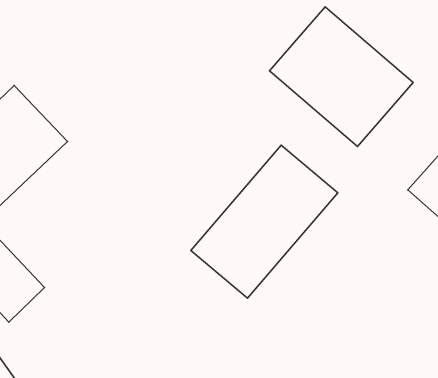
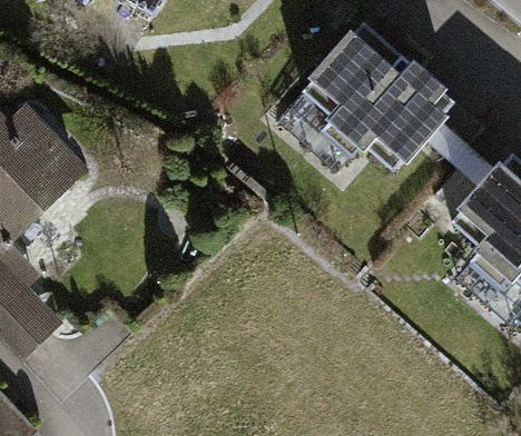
building: [191,145,338,298] -> none

